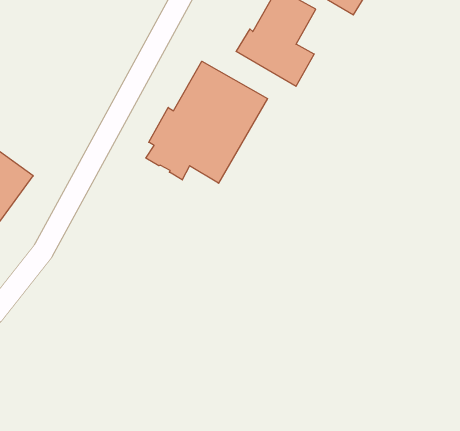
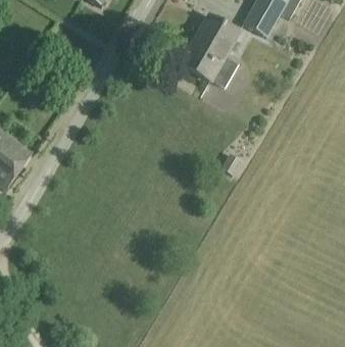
building: [146,61,268,183] -> none

